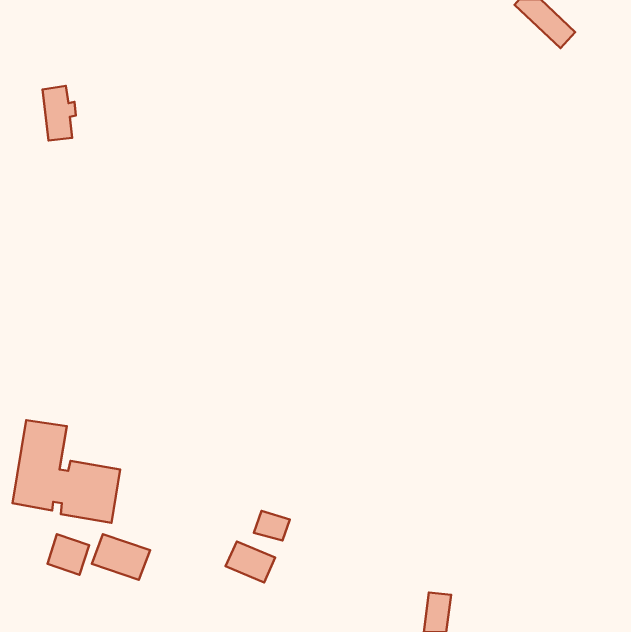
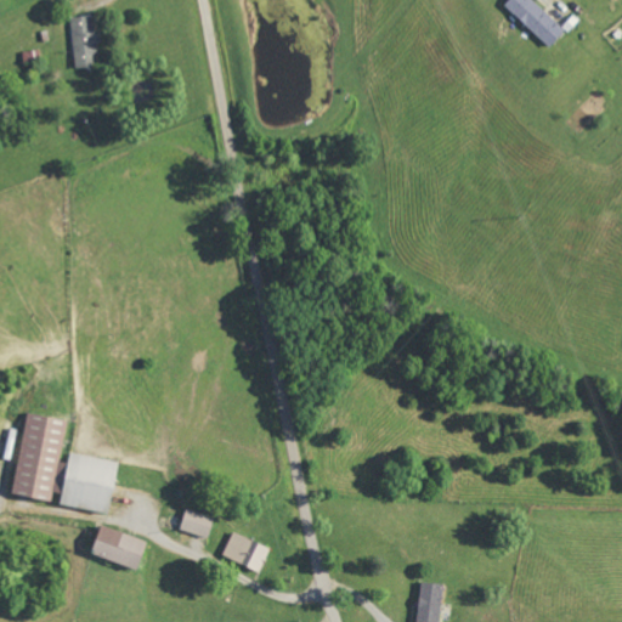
building: [42,86,76,140] -> [68,15,101,68]
building: [254,511,290,540] -> [179,508,214,537]
building: [47,534,89,575] -> none

